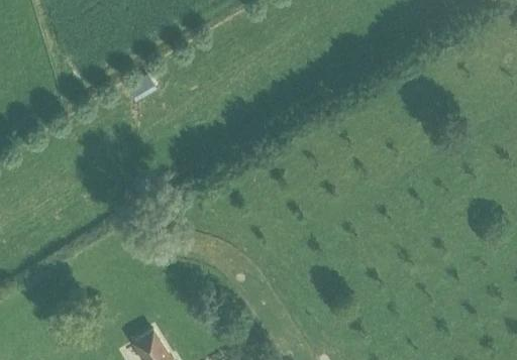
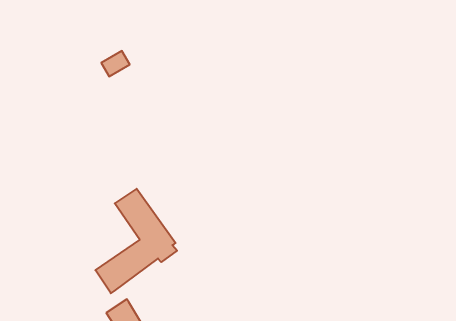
building: none -> [95,189,177,293]

